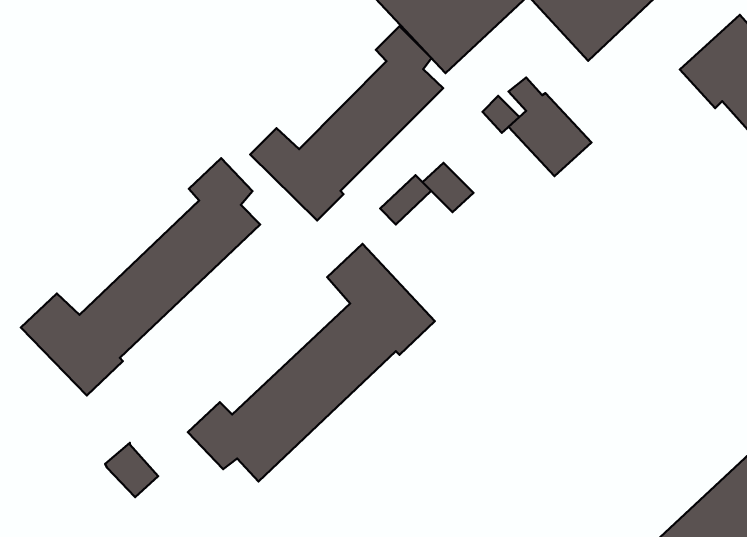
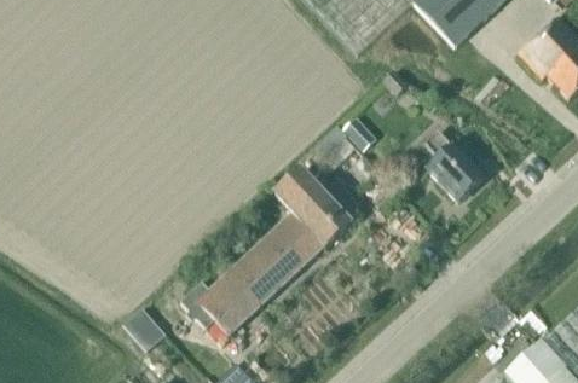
building: [250,26,443,220] -> none
building: [509,77,591,176] -> [427,133,484,201]
building: [21,158,260,395] -> none

